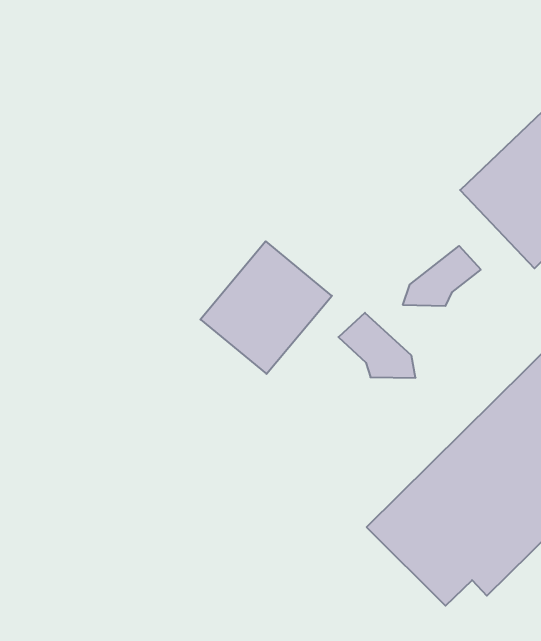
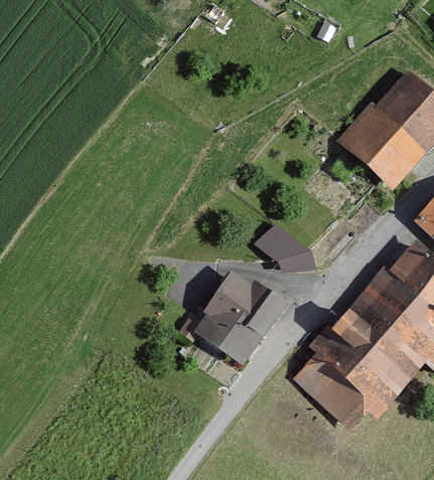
building: [200,241,332,374] -> [194,275,284,366]
building: [403,246,481,306] -> none

